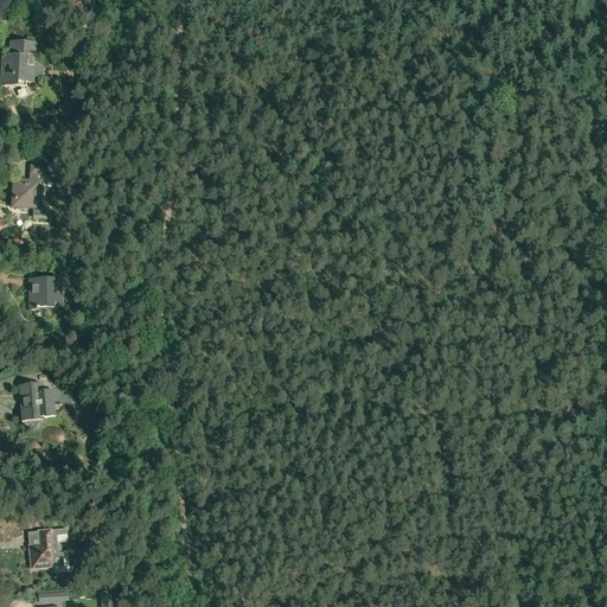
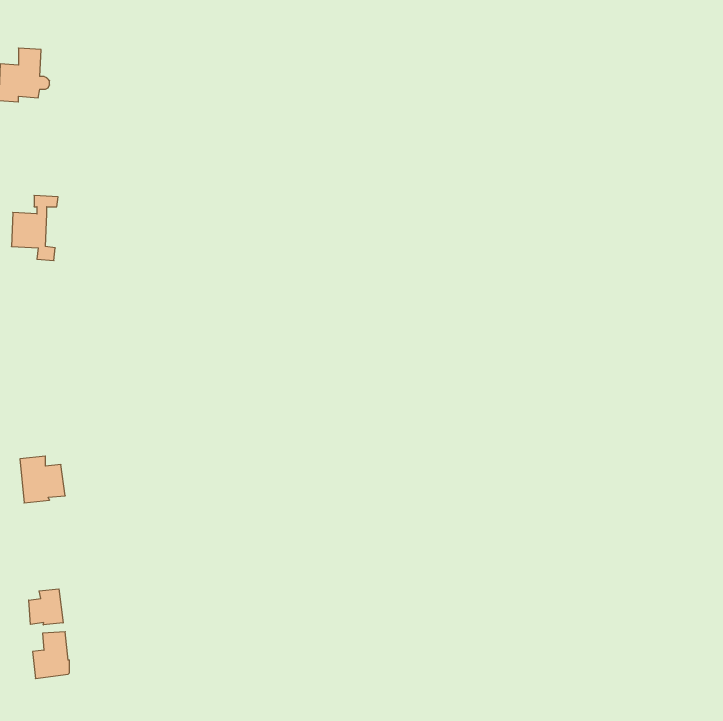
building: [27,275,60,308] -> none
building: none -> [29,589,63,625]

